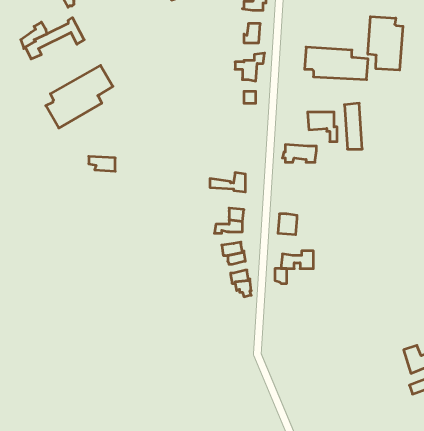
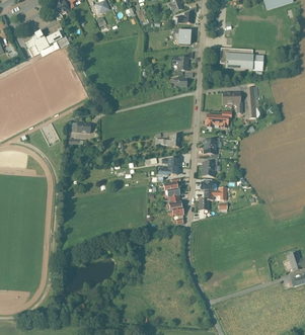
building: [368,17,403,70] -> none
building: [46,65,113,128] -> none

